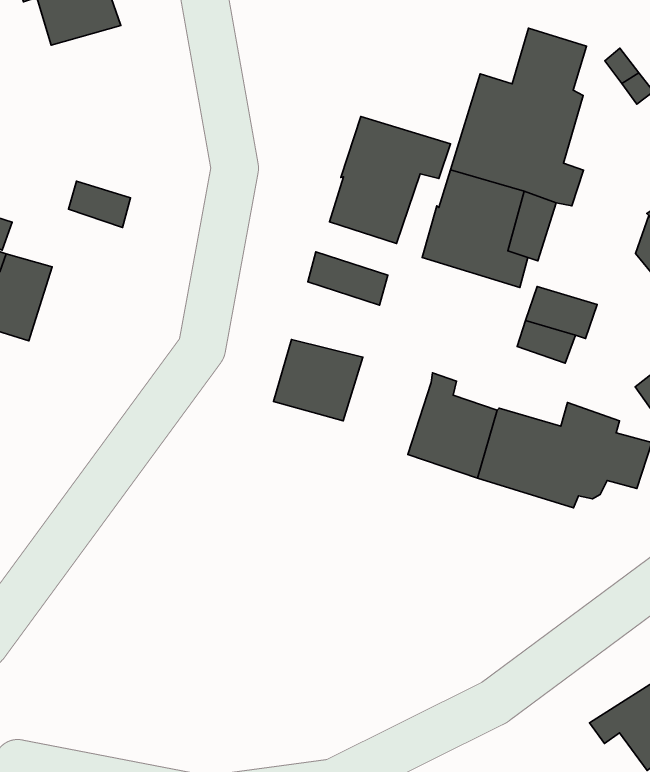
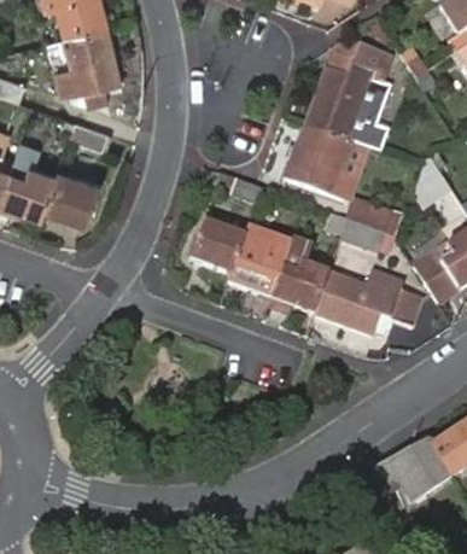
building: none -> [64,24,121,93]
building: [329,116,451,244] -> none
building: none -> [43,168,99,222]
building: none -> [227,229,286,298]

